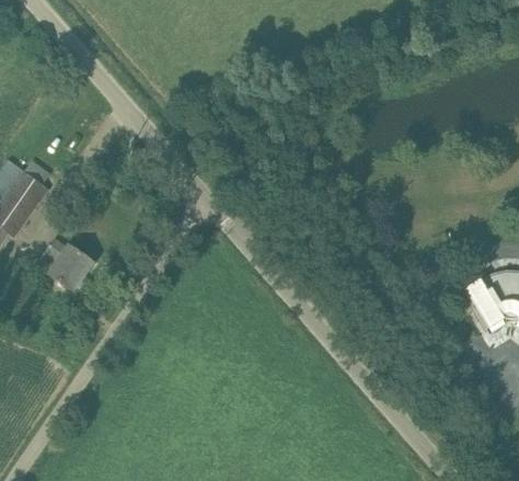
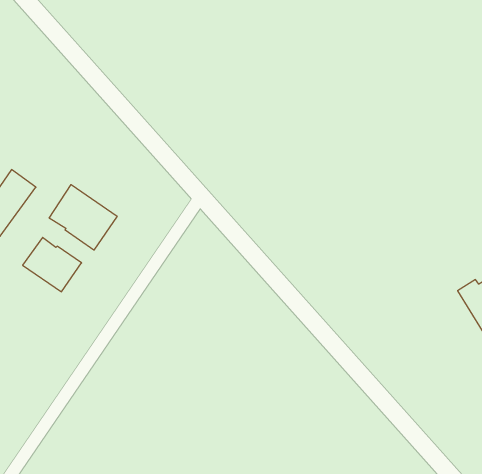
building: none -> [49,185,117,250]

